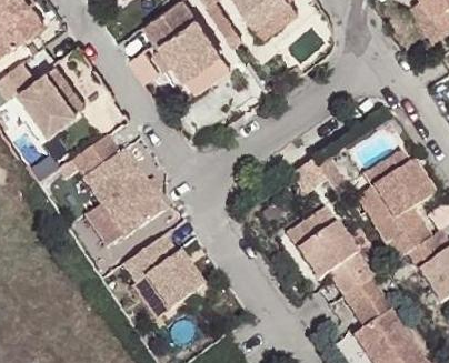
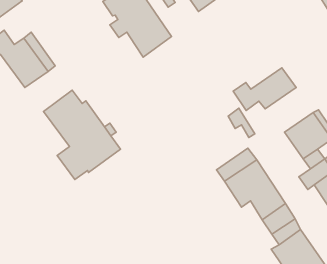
building: none -> [233,68,296,110]
building: [122,238,202,312] -> none

